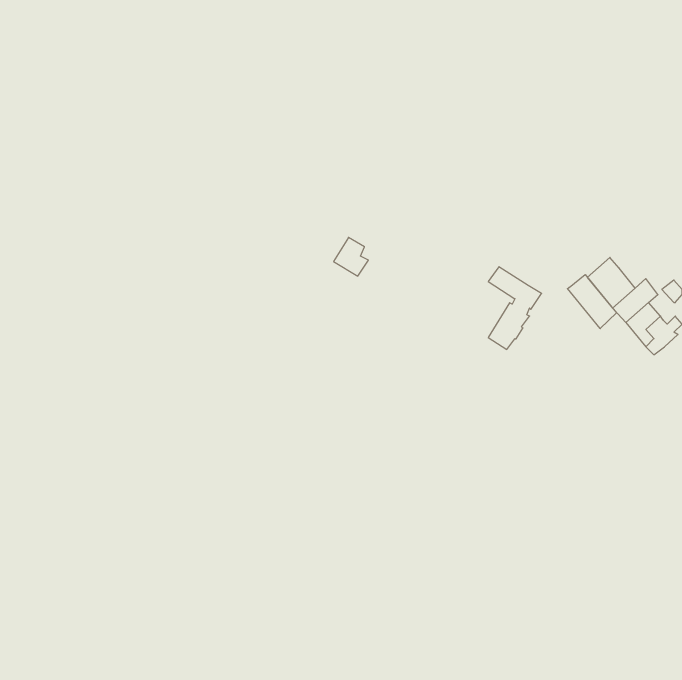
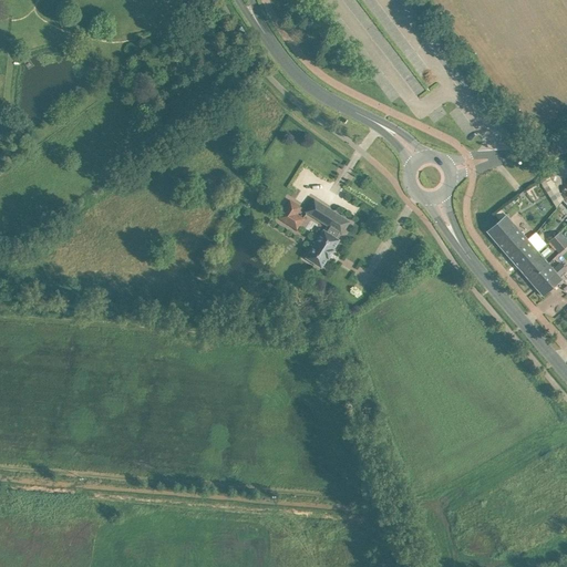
building: [488,267,542,349] -> [306,198,350,267]
building: [567,275,617,329] -> none

